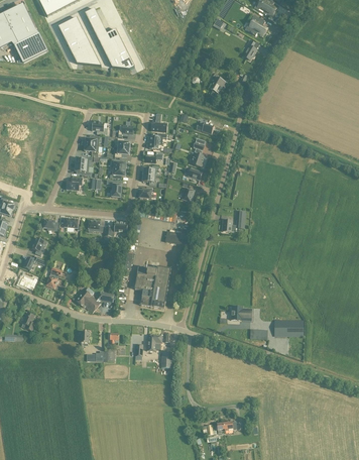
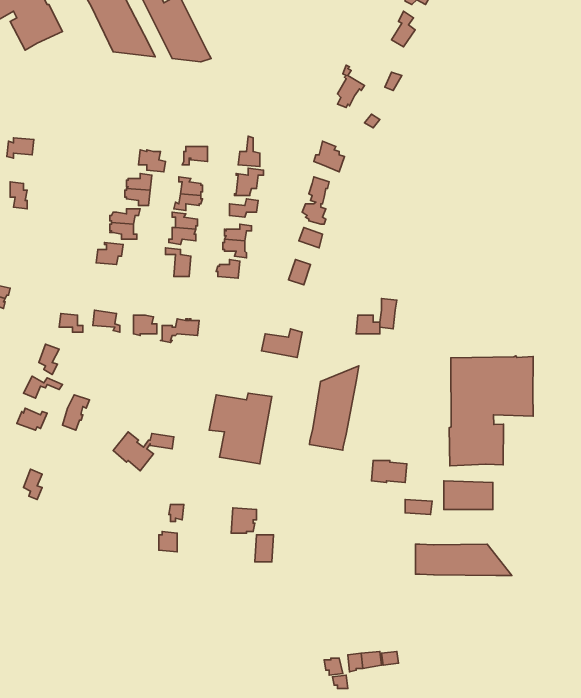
building: none -> [449,356,533,466]
building: none -> [309,366,359,450]
building: none -> [416,544,512,575]

